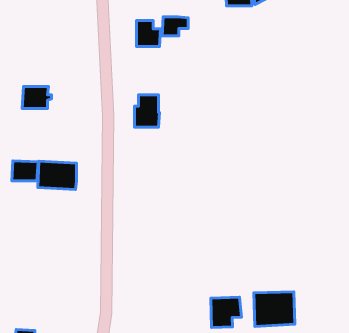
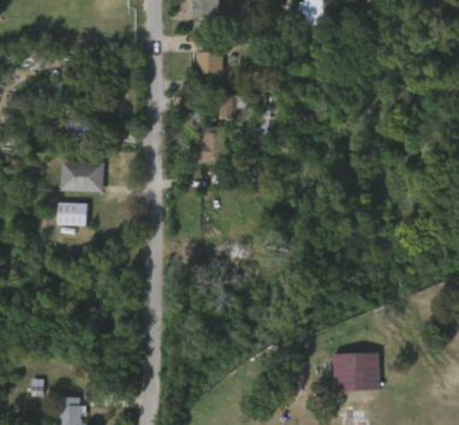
building: [162,17,188,36] -> [216,94,246,115]
building: [38,161,76,189] -> [59,160,103,192]
building: [211,297,241,328] -> none

